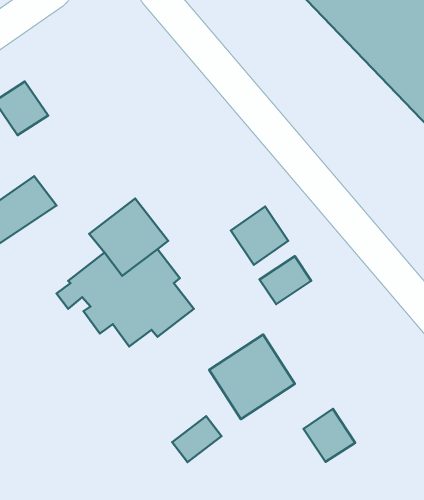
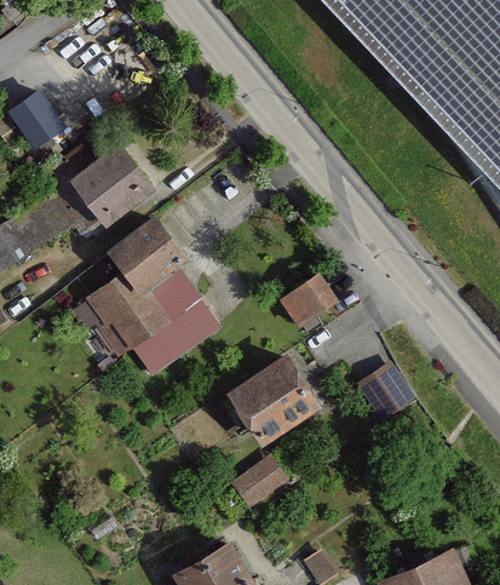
building: none -> [48,142,155,231]
building: [231,206,288,265] -> none
building: [303,409,355,462] -> [360,363,413,418]
building: [172,416,221,462] -> [234,455,285,503]

